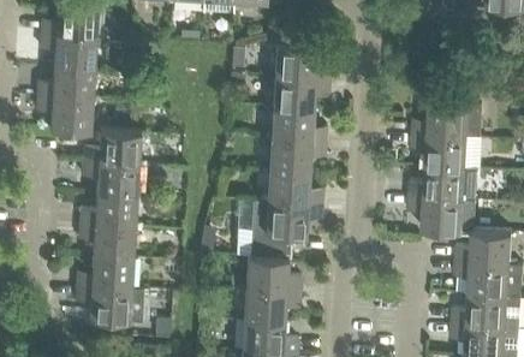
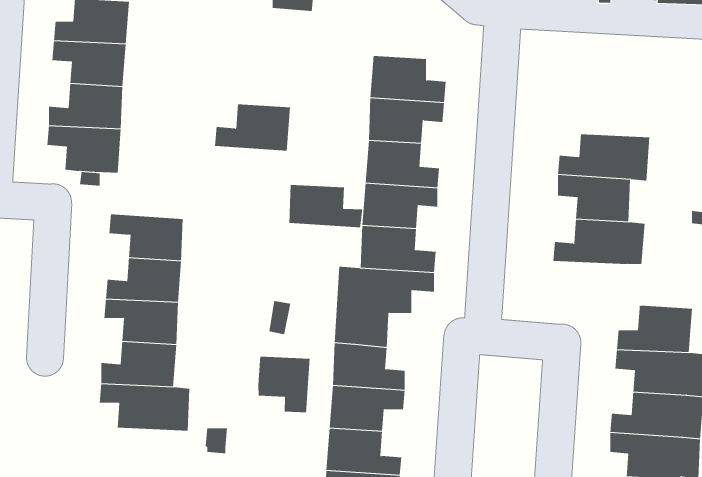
building: [84,131,141,166] -> [214,104,291,151]
building: none -> [289,184,363,228]
building: [410,197,476,232] -> none
building: none -> [258,356,310,413]

